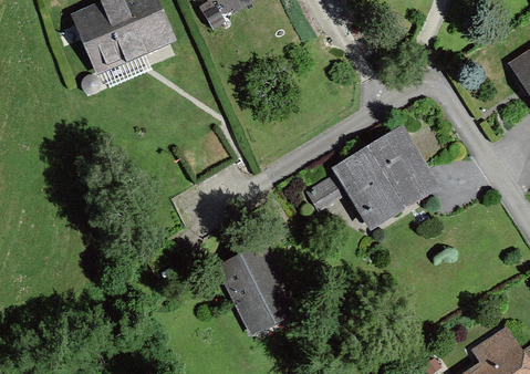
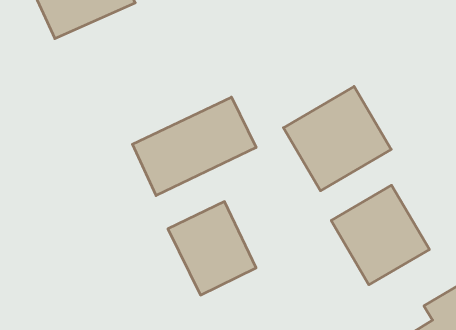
building: none -> [132,97,256,196]
building: none -> [331,185,429,285]

